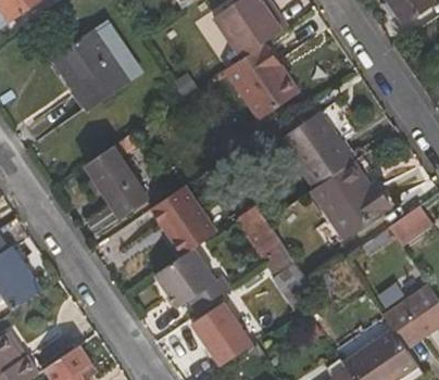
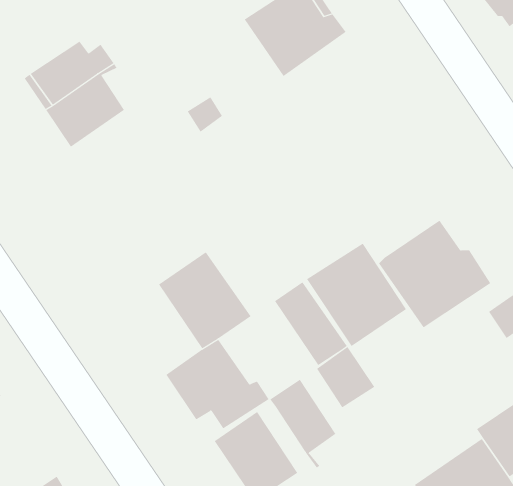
building: [227,47,287,113] -> none
building: [281,113,354,188] -> [306,243,407,347]
building: [84,132,151,233] -> none
building: none -> [270,379,336,469]

